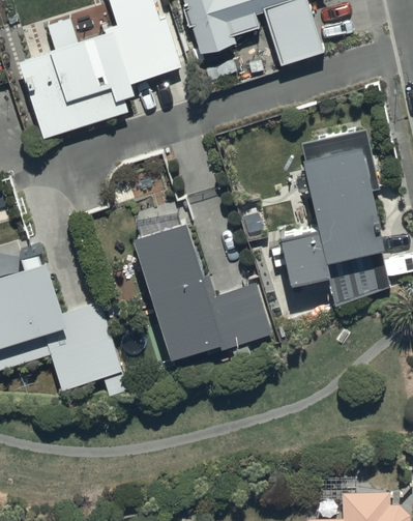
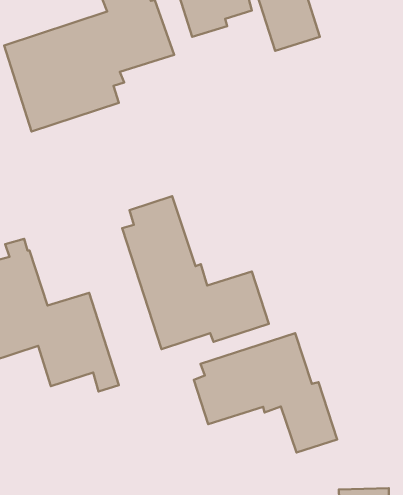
building: [279,128,389,308] -> none
building: none -> [194,333,337,453]

